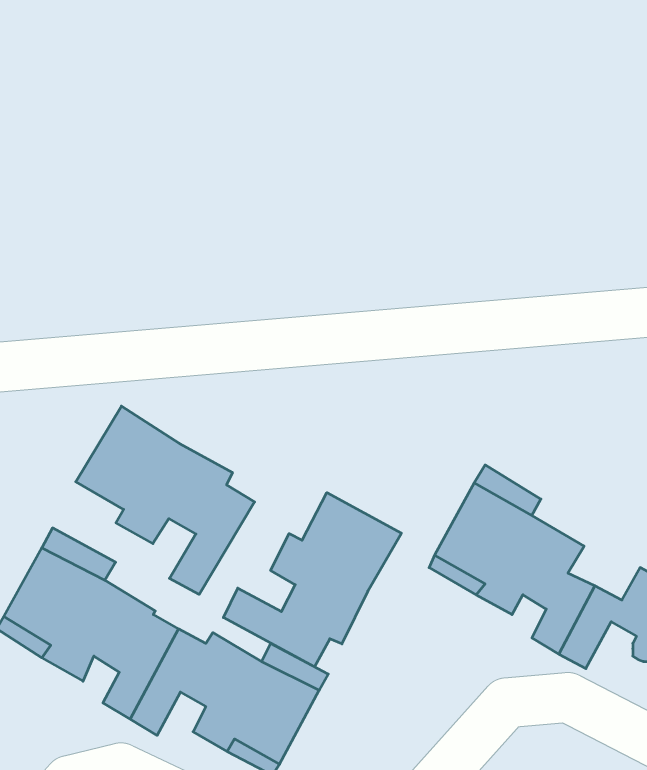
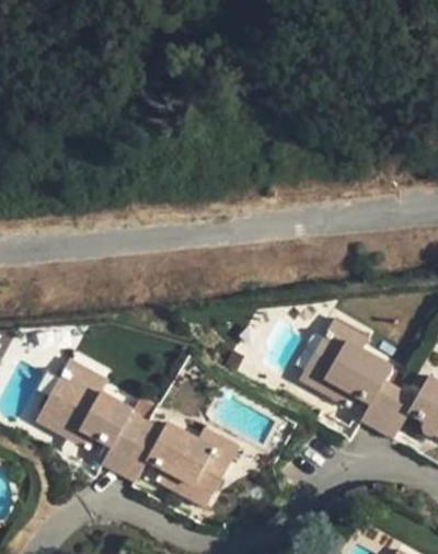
building: [76,406,255,594] -> none
building: [223,493,401,667] -> none

